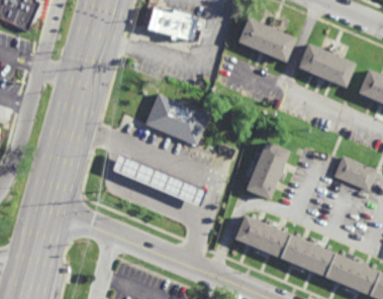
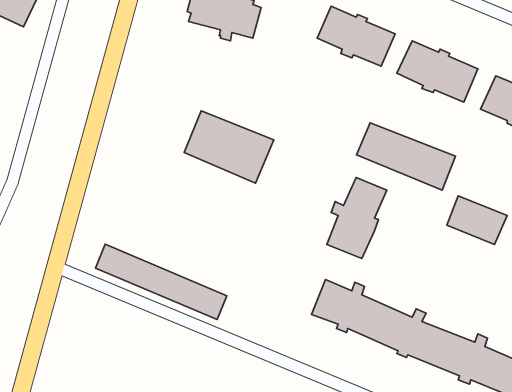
building: none -> [357,123,456,190]
building: [111,153,206,207] -> [96,244,227,320]

